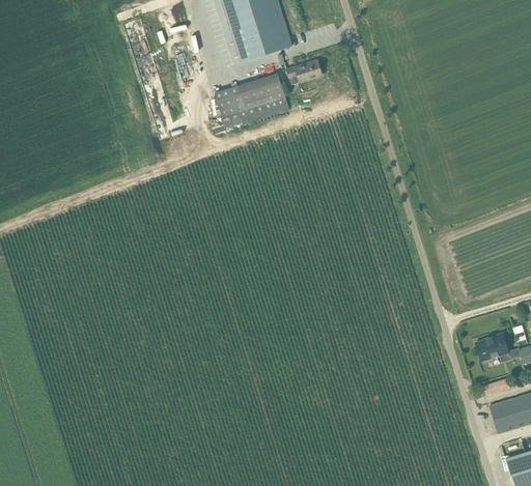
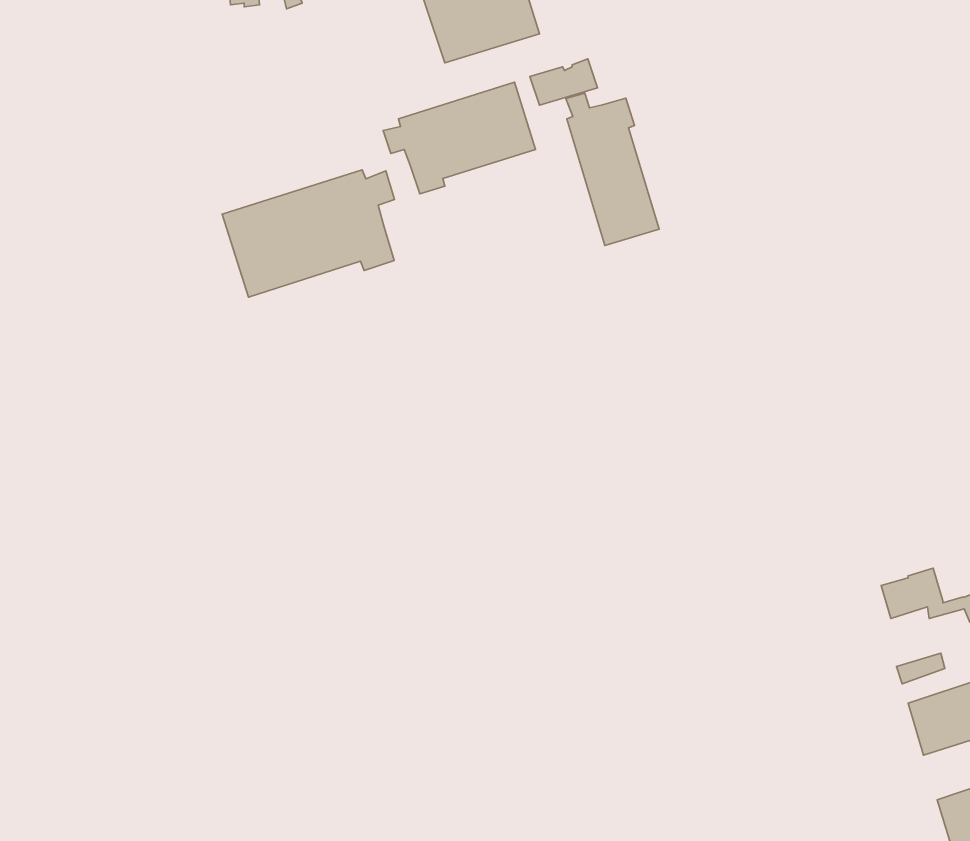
building: none -> [566,93,659,246]
building: none -> [222,170,394,297]

